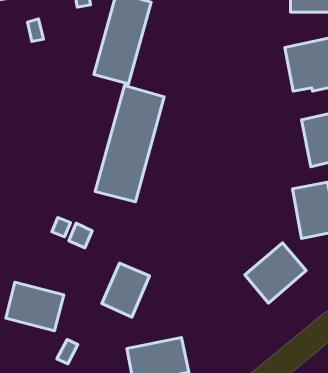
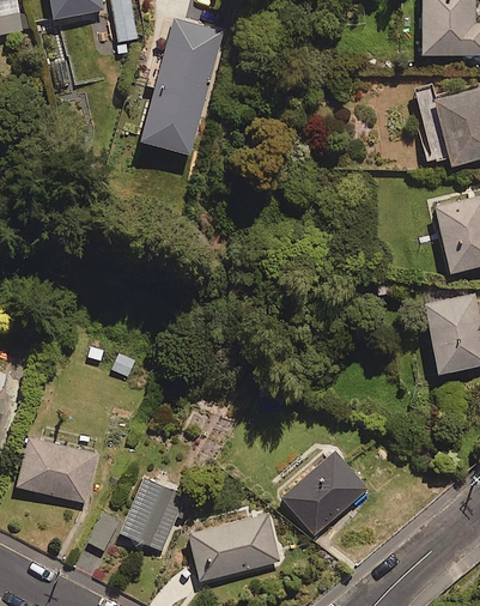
building: [95,85,164,202] -> none
building: [245,243,306,303] -> [280,450,367,537]
building: [102,263,150,317] -> [119,475,187,552]

